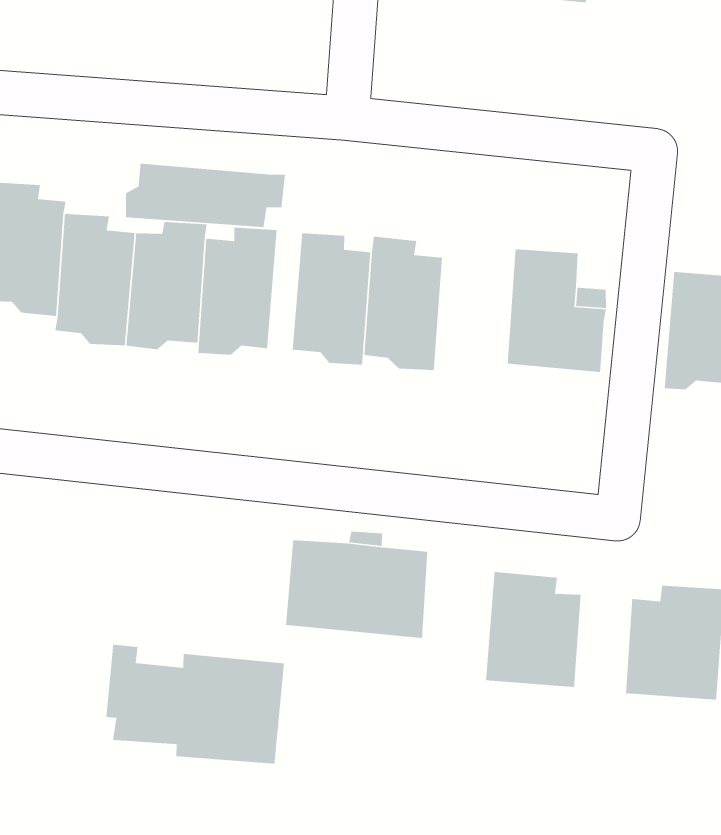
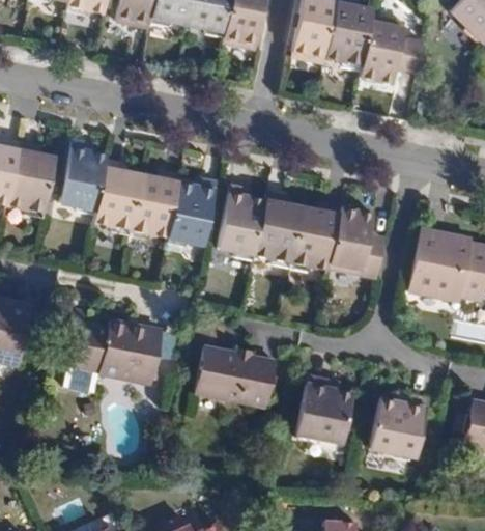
building: [125,163,286,228] -> none
building: none -> [290,204,340,272]
building: [106,644,285,765] -> [63,312,161,386]

